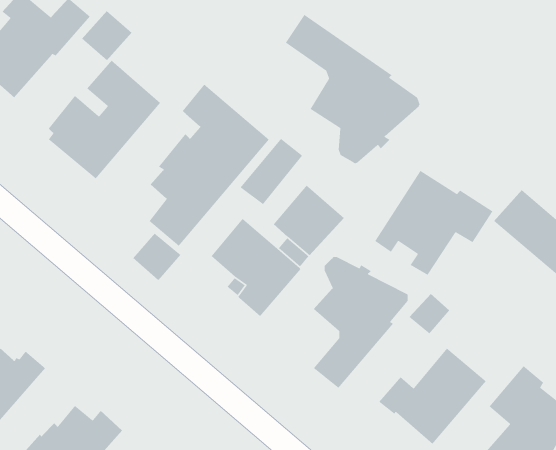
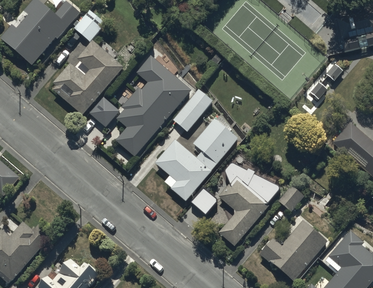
building: [285,14,421,164] -> none
building: [374,170,494,276] -> none
building: [132,233,182,280] -> [89,97,120,127]
building: none -> [191,188,216,215]

